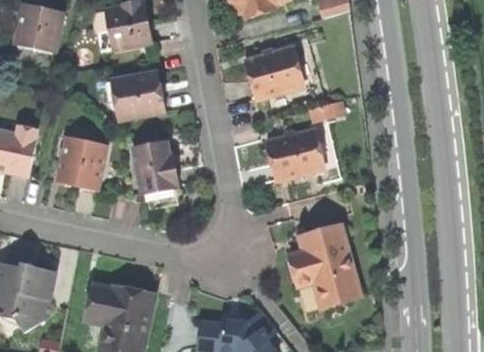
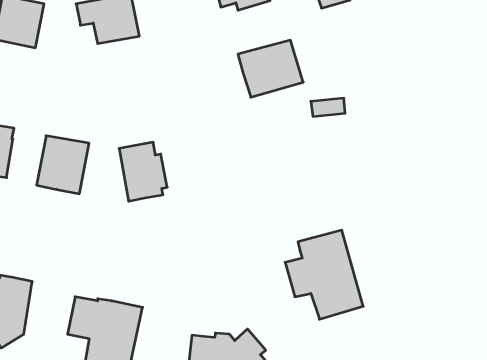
building: [111,71,165,120] -> none
building: [265,128,325,181] -> none

